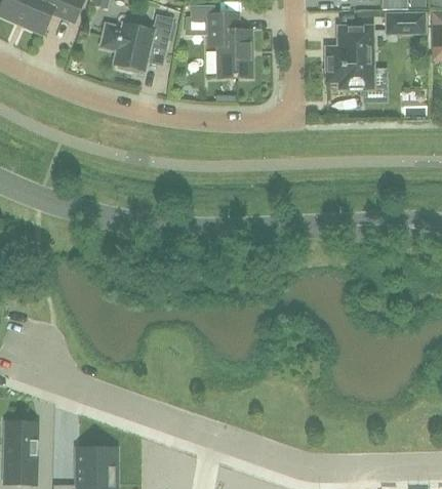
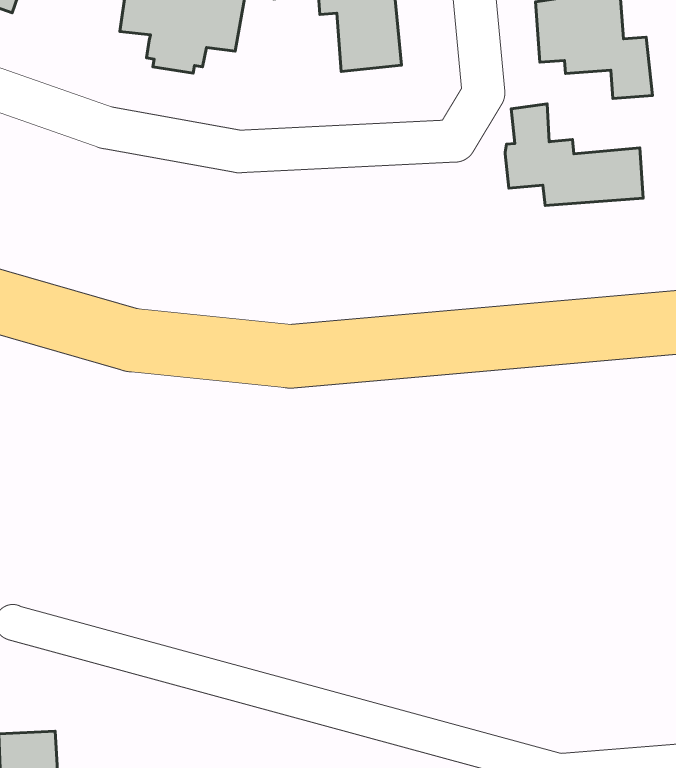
building: none -> [505,104,643,206]

